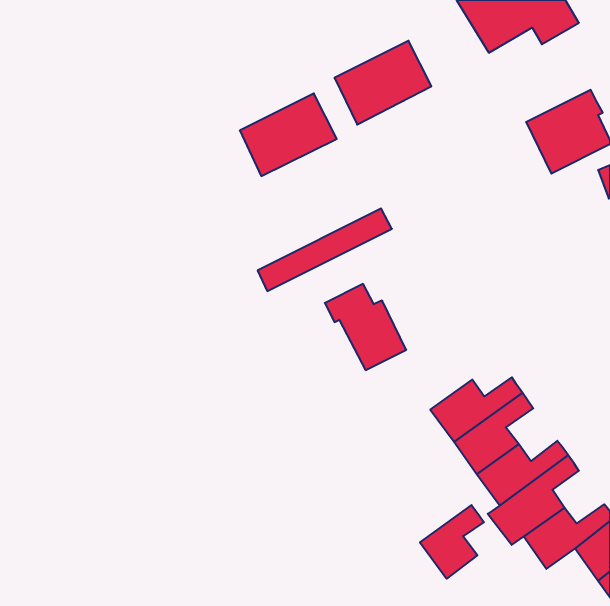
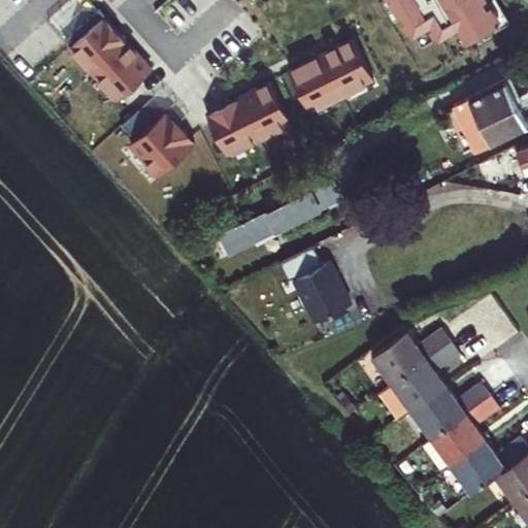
building: none -> [70,19,151,103]
building: none -> [133,111,198,175]
building: [420,505,484,579] -> none

